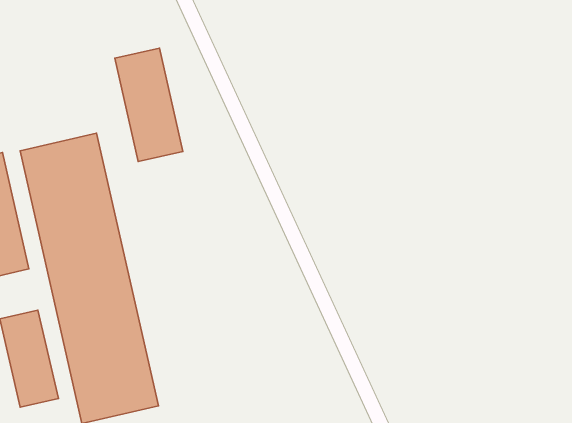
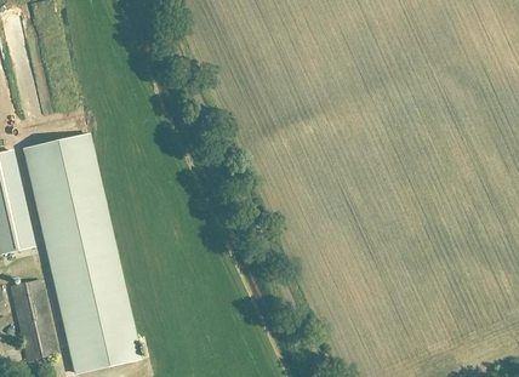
building: [115,48,183,162] -> none

